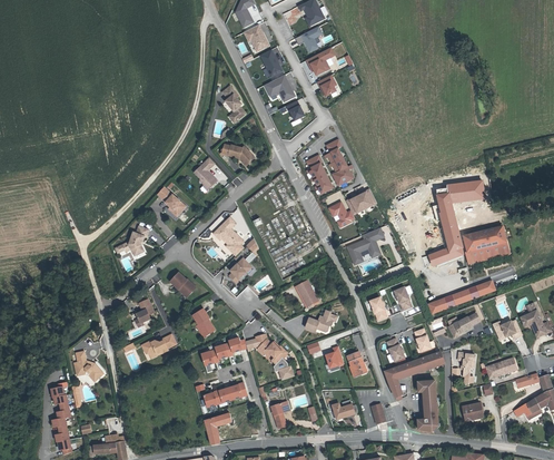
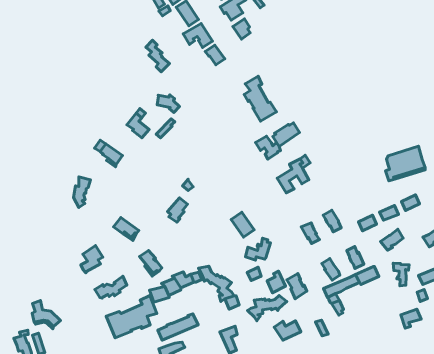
building: [304,154,332,194] -> none
building: [424,184,484,261] -> none
building: [212,216,243,253] -> none
building: none -> [106,296,157,338]
building: none -> [248,296,287,321]
building: [419,381,441,432] -> none

